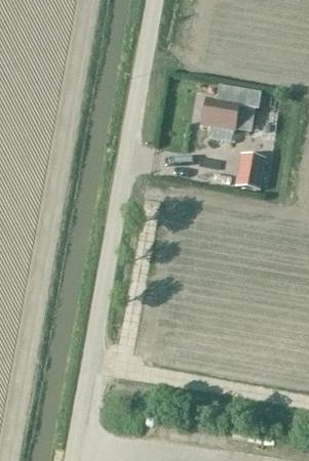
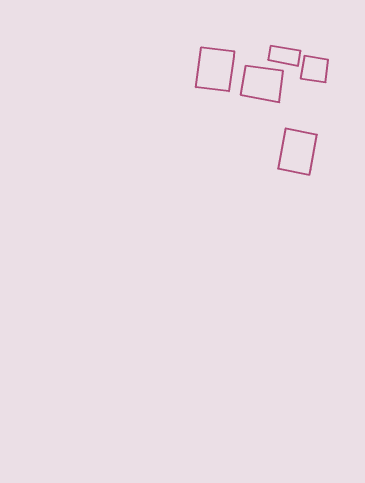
building: none -> [196,47,234,91]

